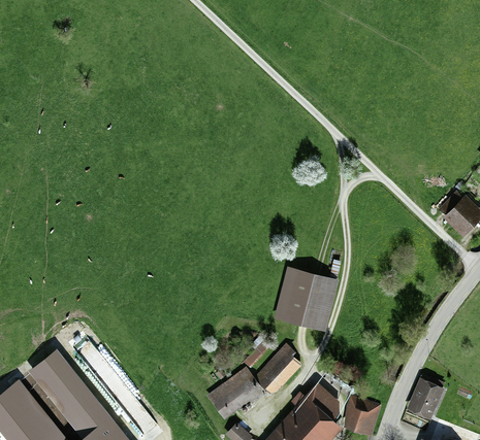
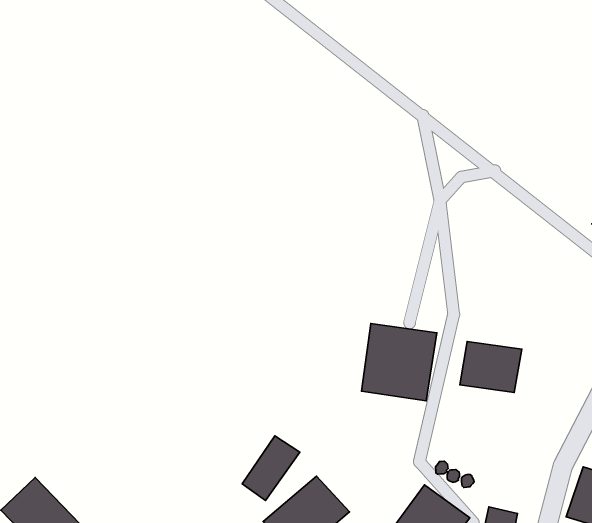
building: none -> [460,342,522,393]
building: [261,354,301,397] -> [242,436,300,500]

